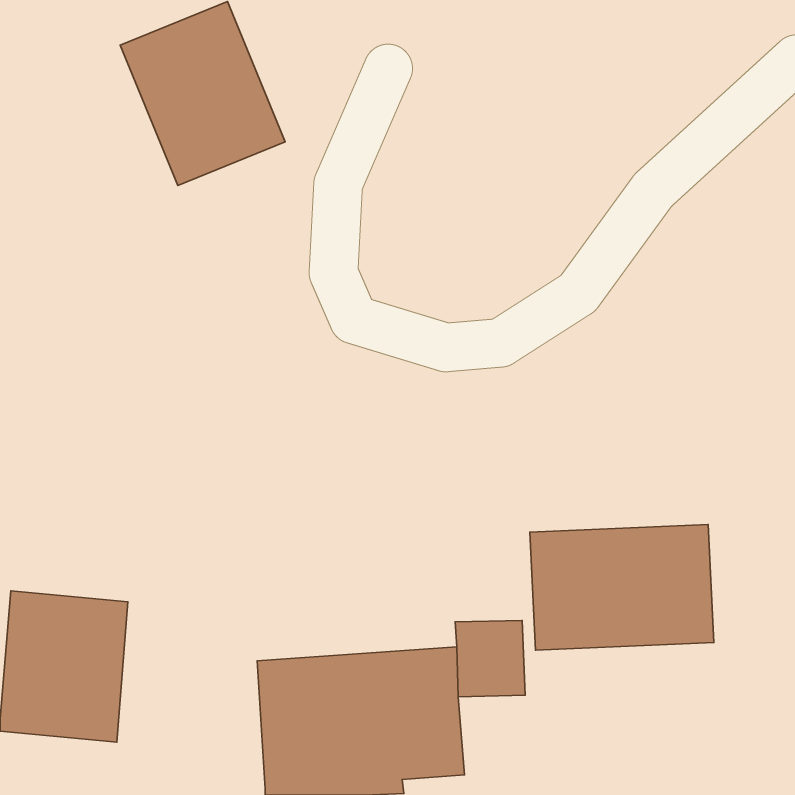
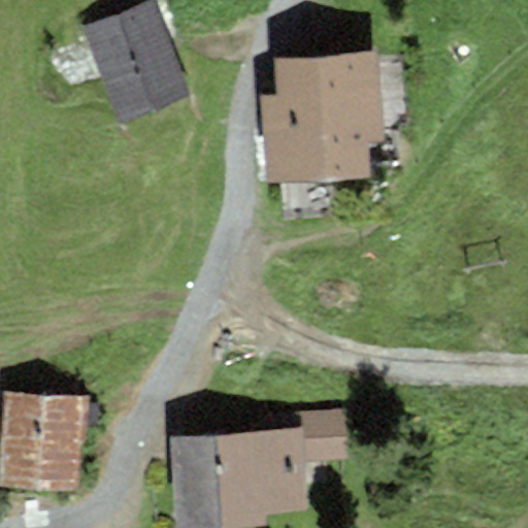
building: none -> [260,51,387,183]
building: [530,525,714,650] -> none

